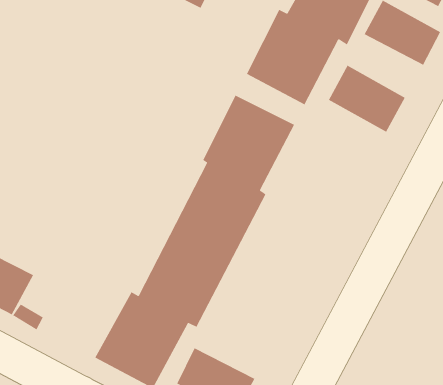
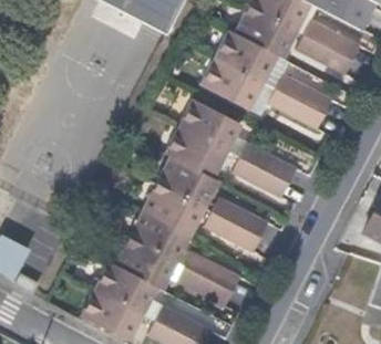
building: none -> [234,145,298,199]
building: none -> [204,198,268,253]
building: none -> [176,251,238,307]

